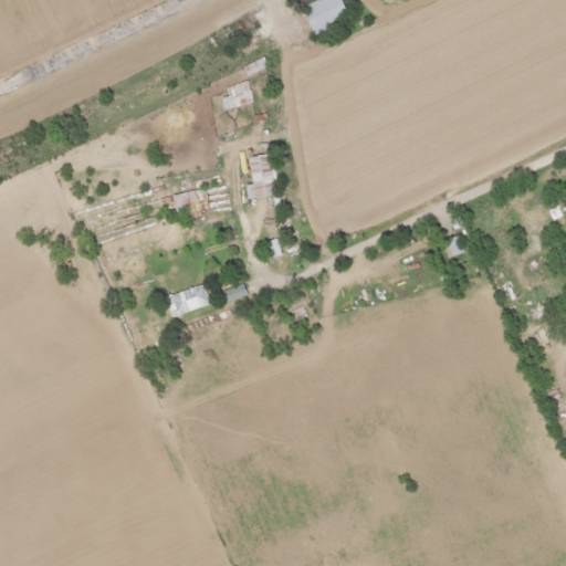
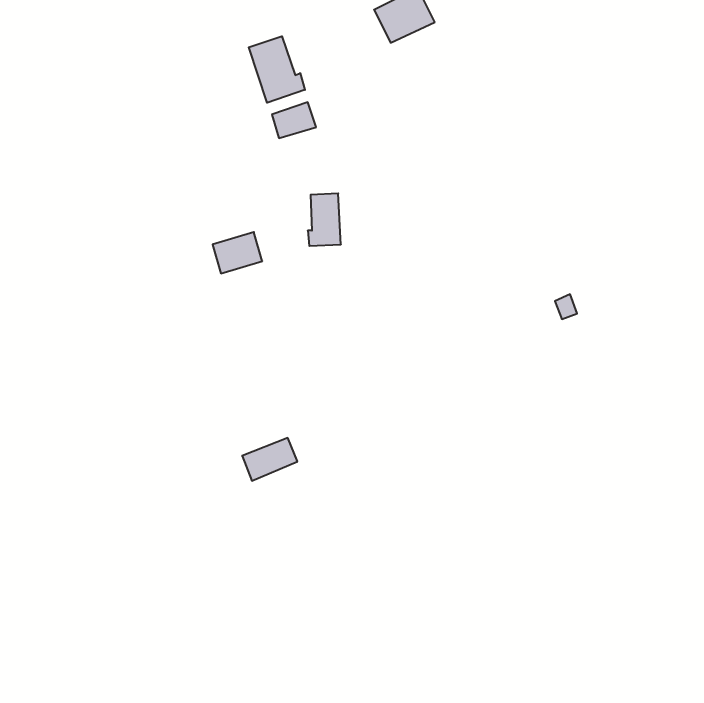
building: none -> [249,36,305,103]
building: [166,283,210,317] -> [242,438,297,481]

